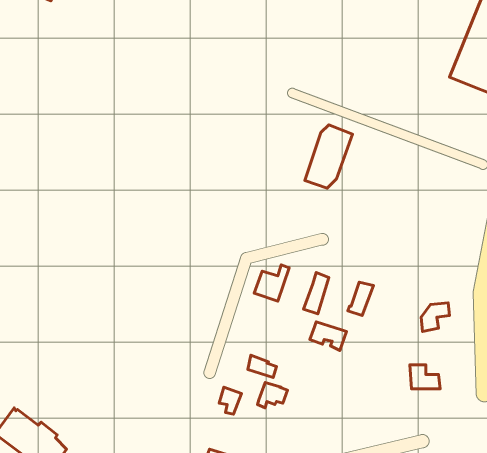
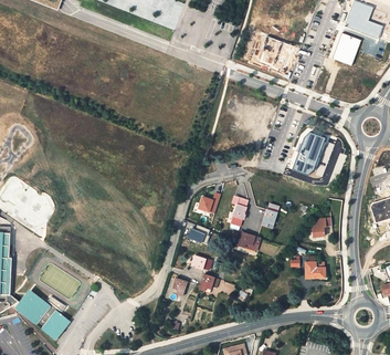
building: [305,125,353,188] -> [292,132,325,176]

